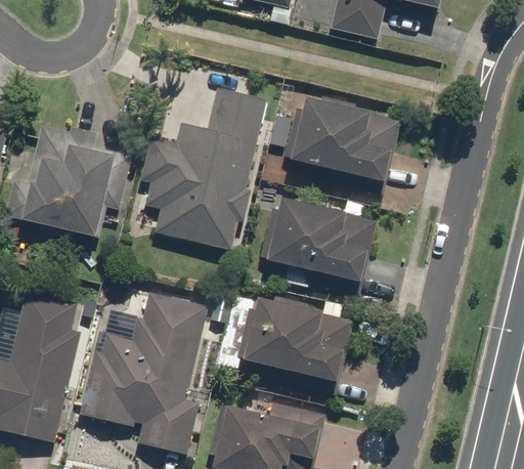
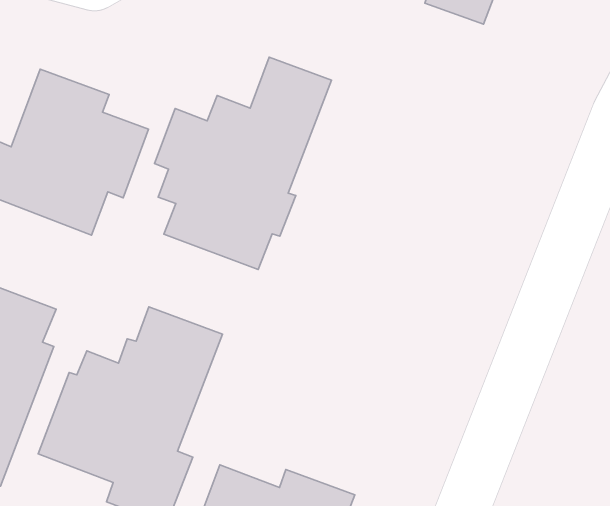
building: [285,93,401,194] -> none
building: [259,194,380,295] -> none
building: [217,292,354,395] -> none

